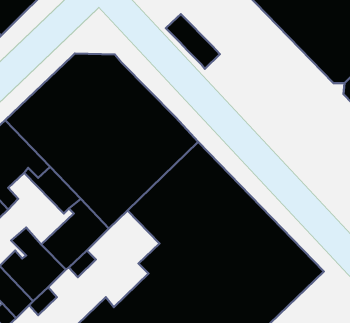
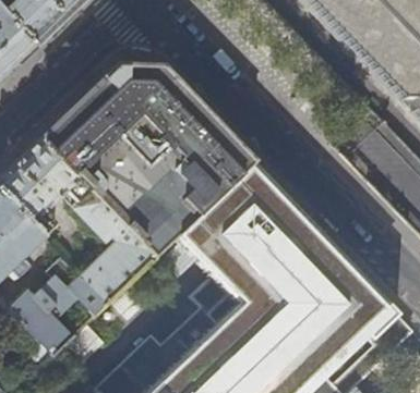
building: [166,14,220,69] -> none

